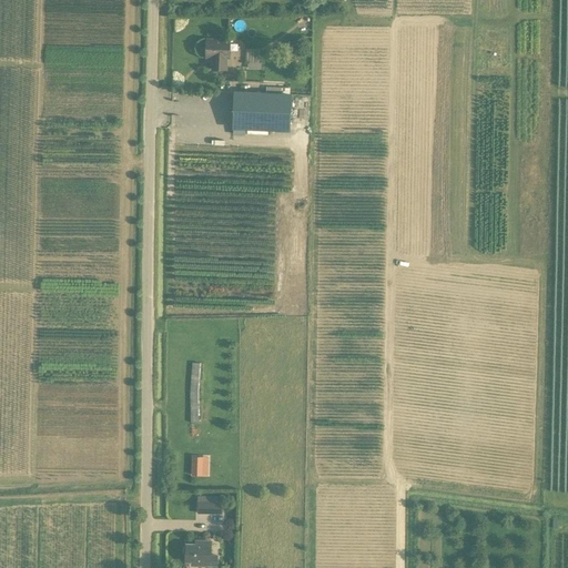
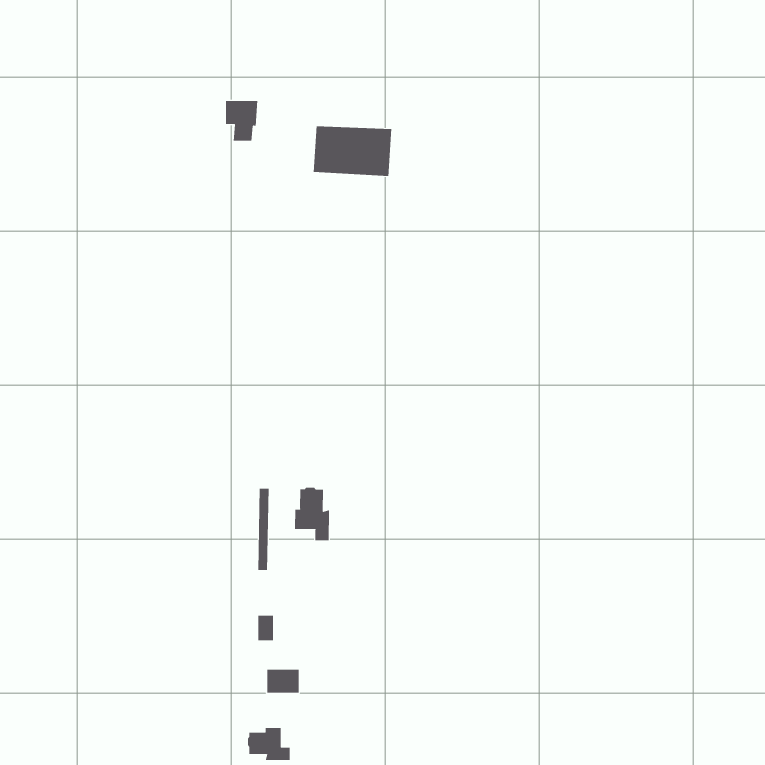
building: [205,40,230,70] -> [225,101,258,141]
building: none -> [294,487,330,541]

